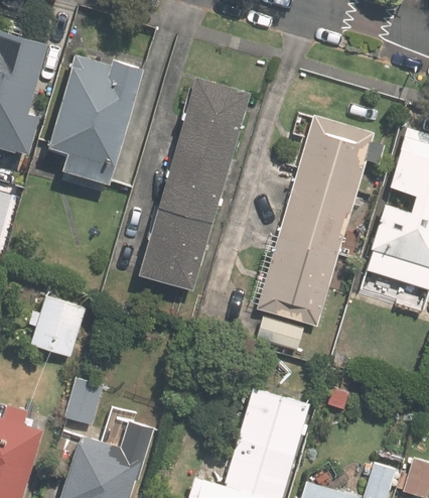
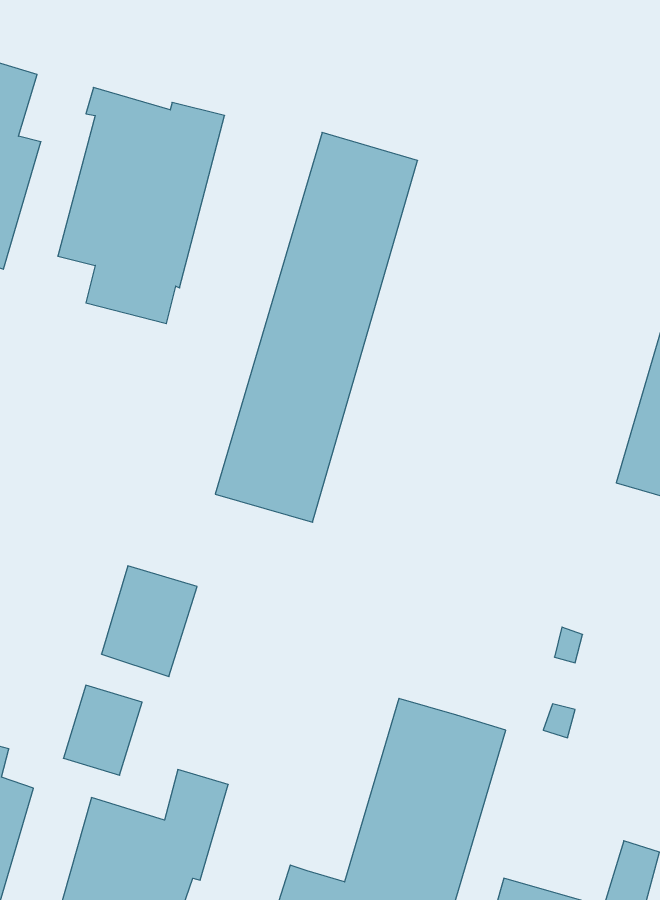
building: [252,116,366,352] -> none
building: [38,298,90,358] -> [101,566,197,677]

